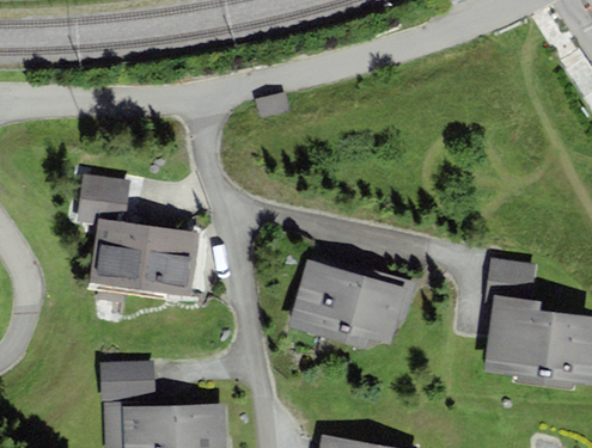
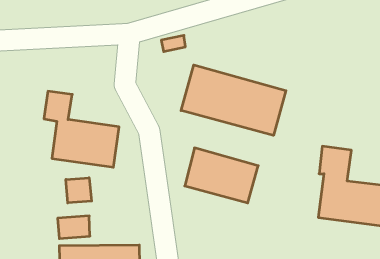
building: none -> [181,65,286,135]
building: none -> [66,178,92,203]

